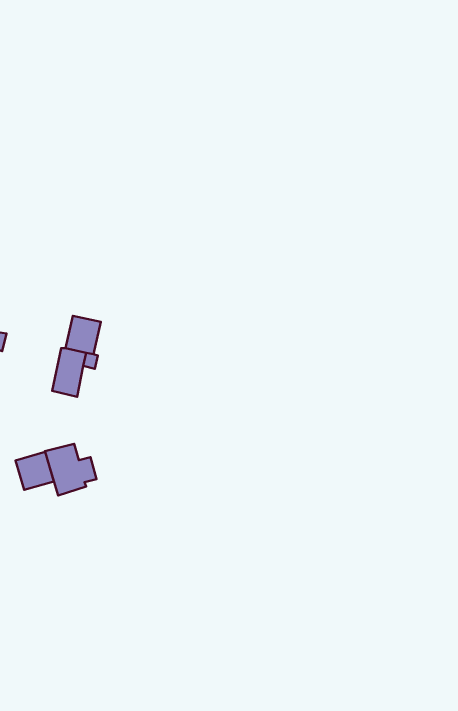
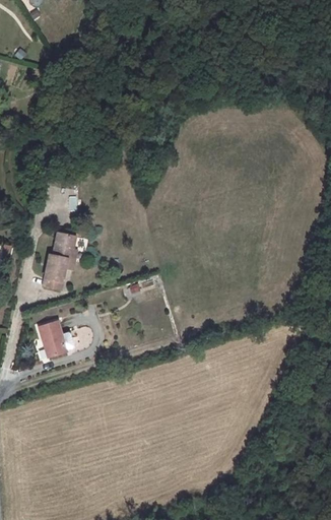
building: [15,452,54,490] -> none

